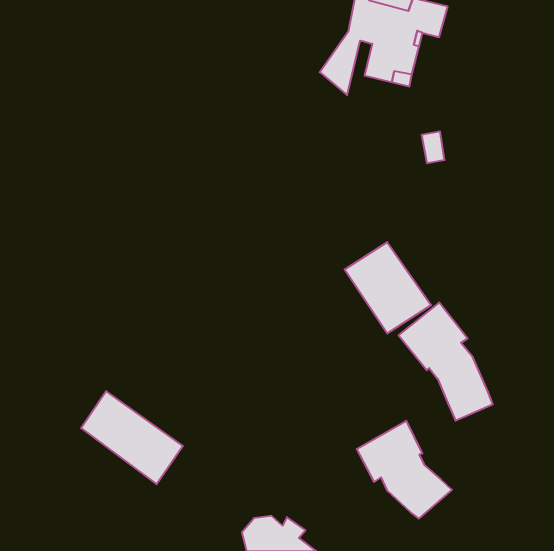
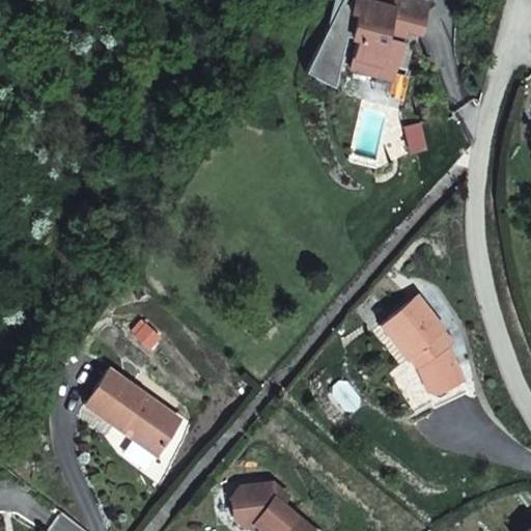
building: [345,242,431,334] -> none
building: [357,421,452,519] -> none

